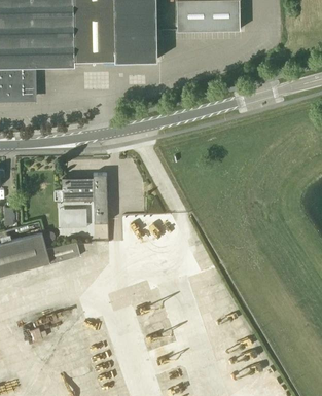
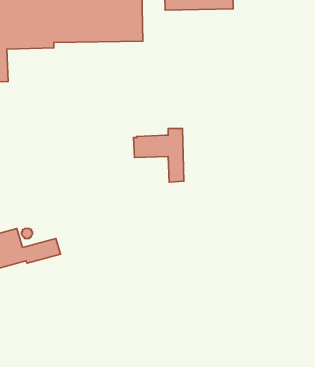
building: [62,174,108,223] -> [134,129,184,182]
building: [60,209,86,227] -> none

